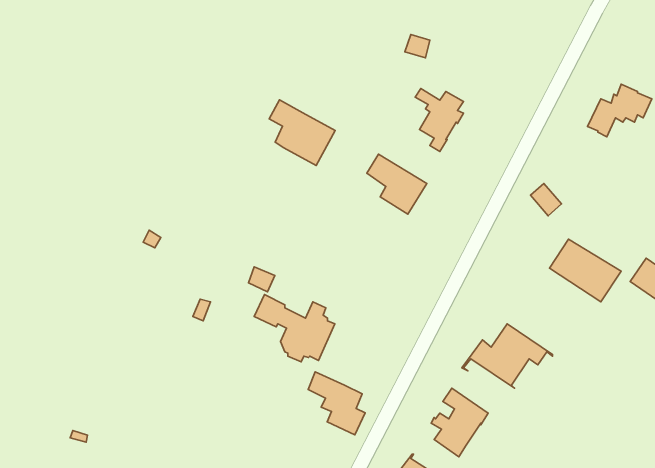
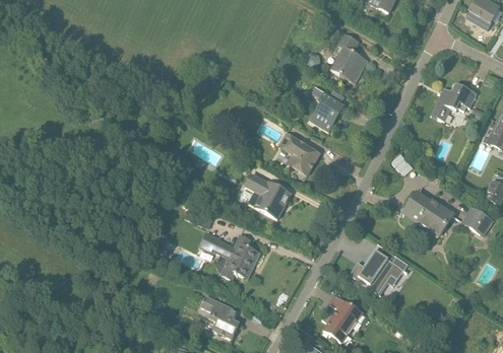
building: none -> [331,31,366,80]
building: [269,100,335,166] -> [245,171,291,217]
building: [308,372,365,435] -> [200,294,240,338]

